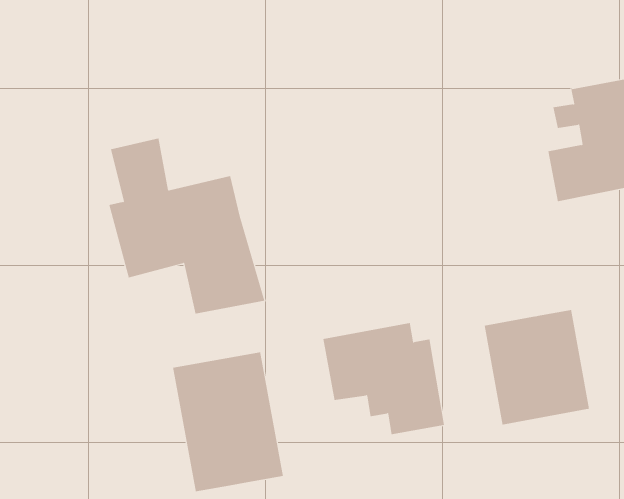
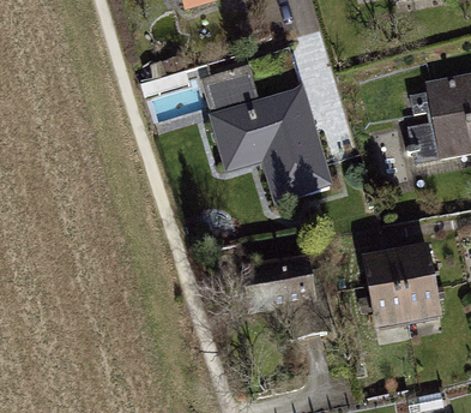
building: [108,138,265,314] -> [209,71,324,200]
building: [173,352,283,492] -> none

